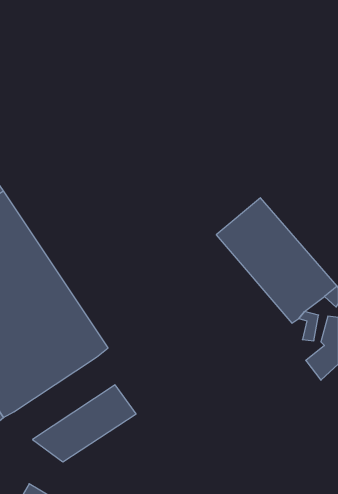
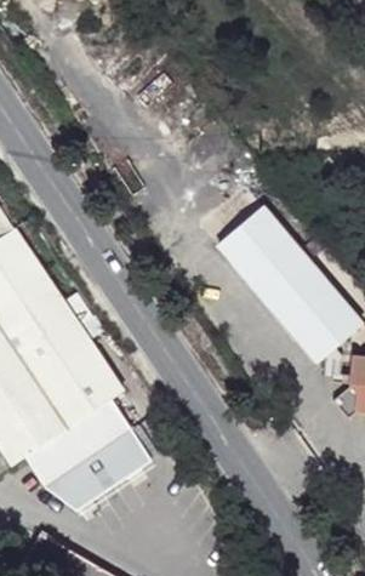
building: none -> [217,210,283,273]
building: none -> [25,400,131,486]

